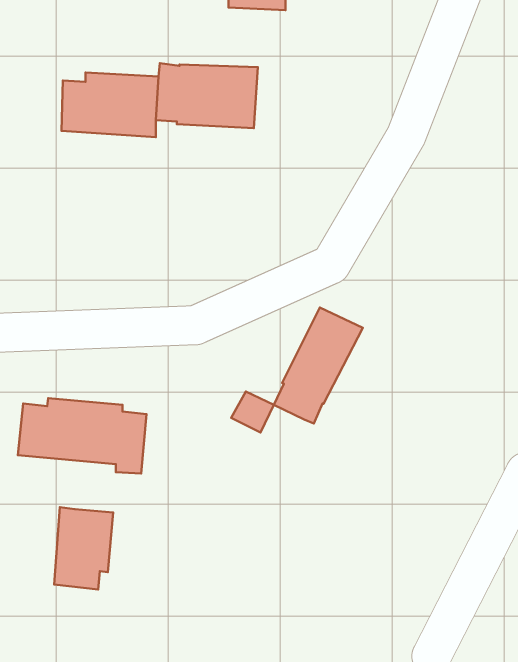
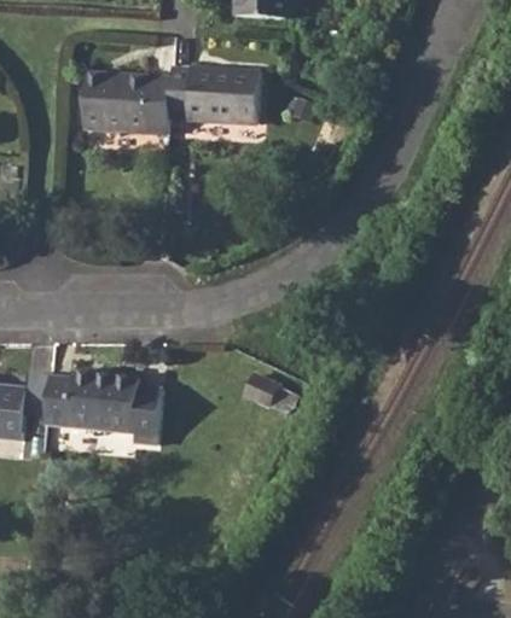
building: [274,307,363,424] -> none
building: [54,507,113,590] -> none

